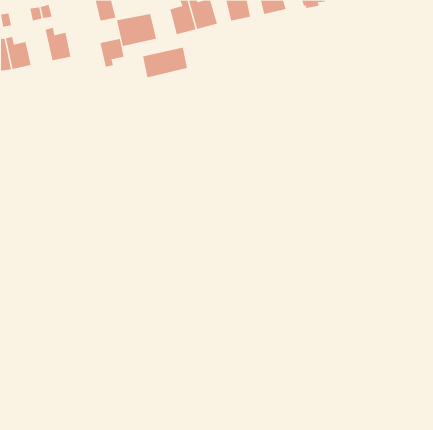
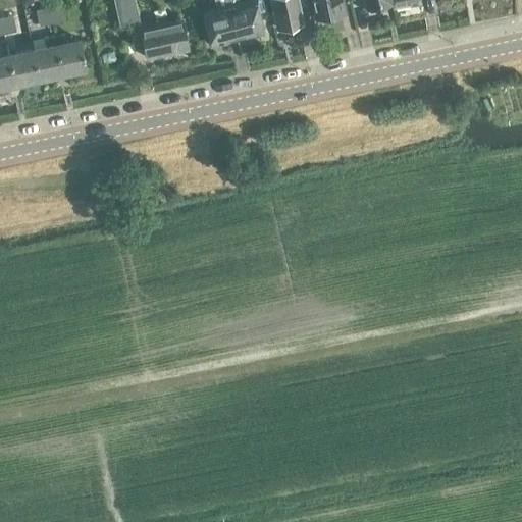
building: none -> [32,39,62,82]
building: [100,38,124,68] -> none
building: [142,47,188,78] -> none

